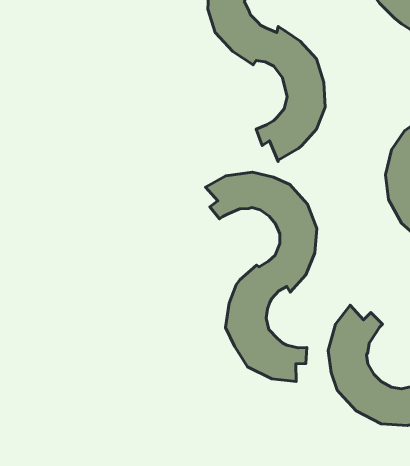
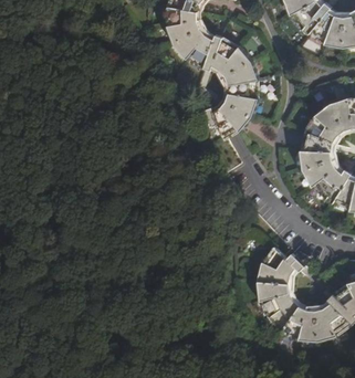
building: [205,172,317,382] -> none

